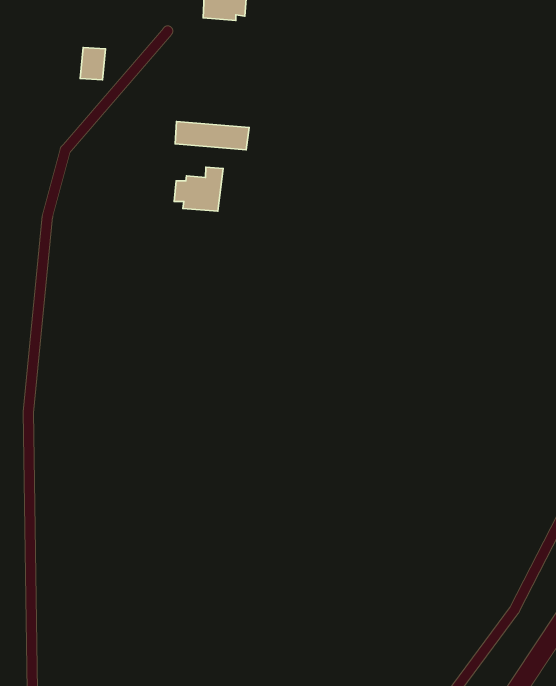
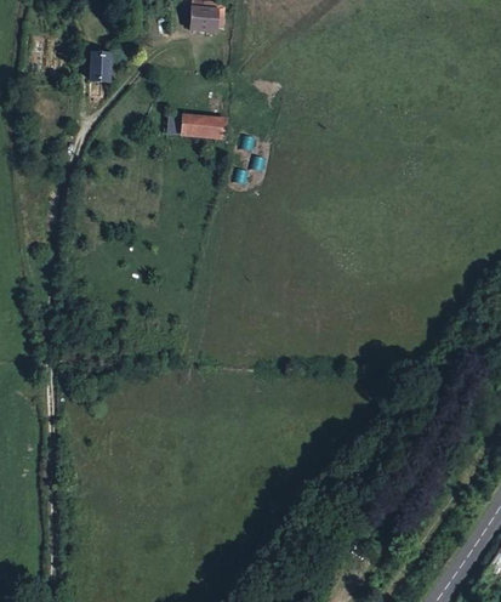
building: [174,167,223,211] -> none

